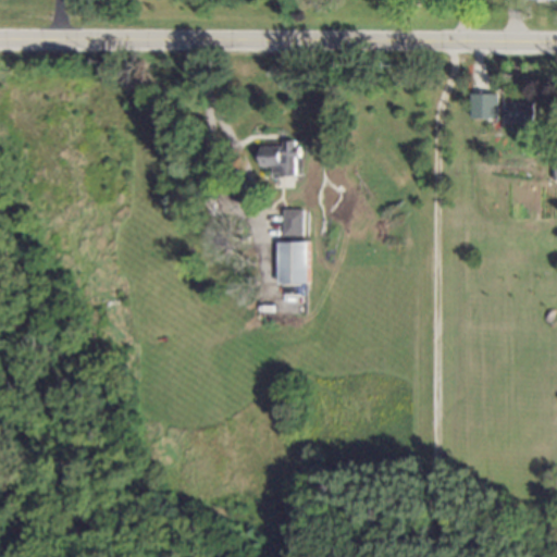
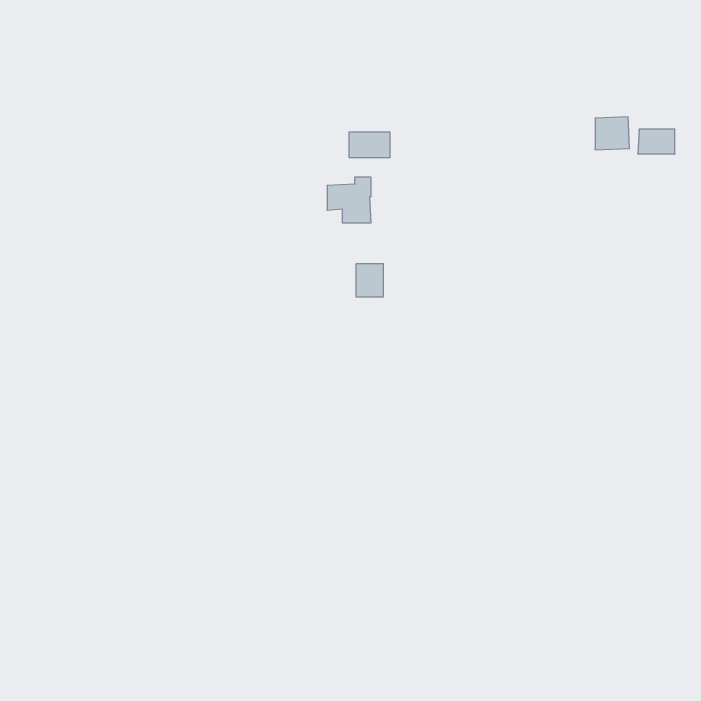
building: none -> [349,132,390,158]
building: [277,242,308,284] -> none

